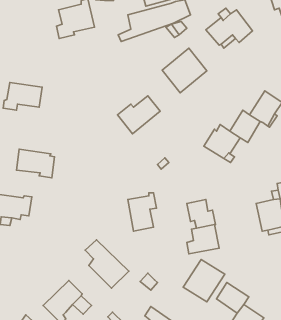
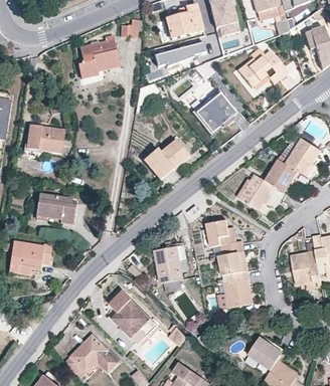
building: none -> [204,216,241,251]
building: [183,259,225,302] -> none

